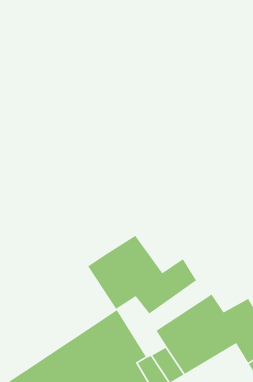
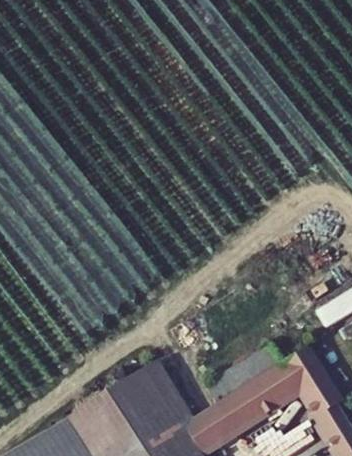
building: [87,235,197,314] -> none

